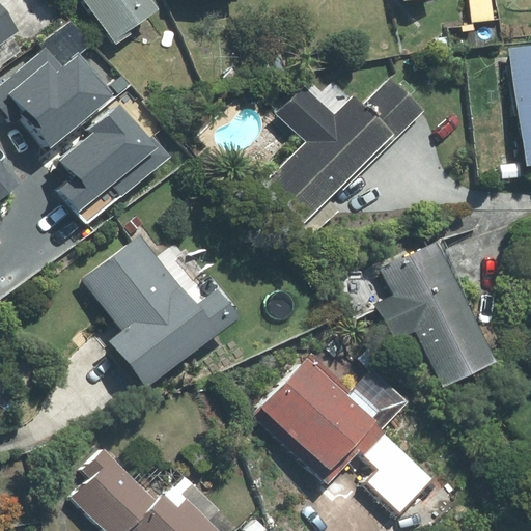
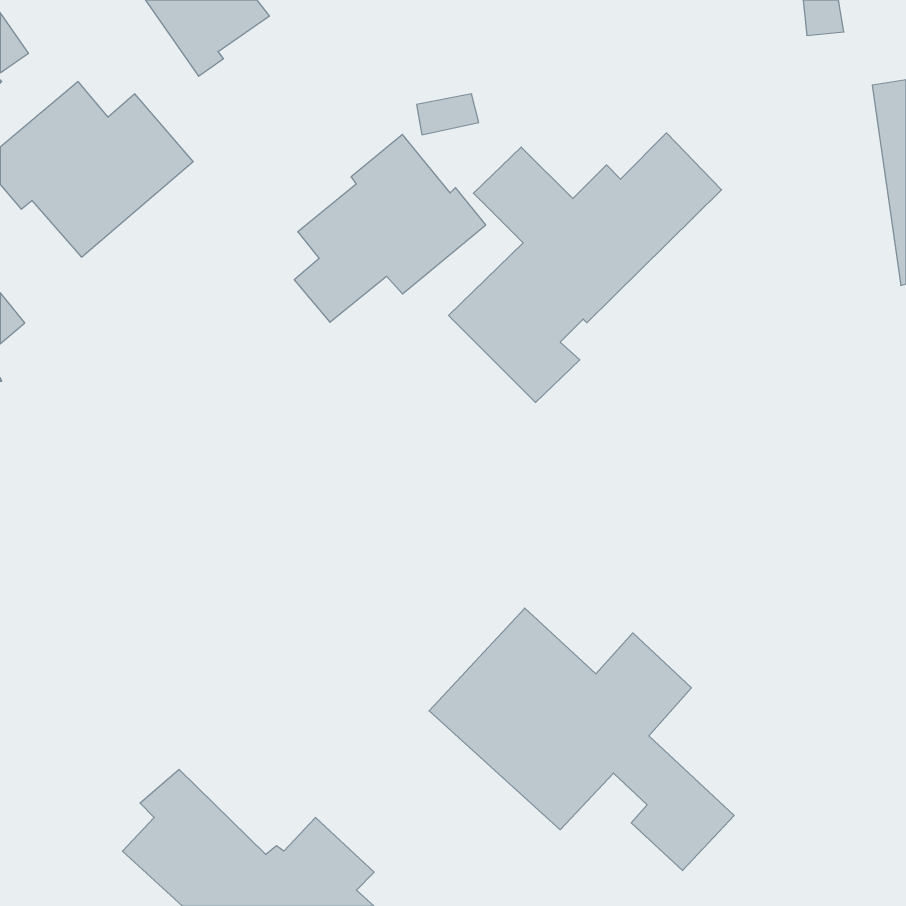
building: [58,104,170,214] -> [294,134,486,322]
building: [83,234,237,389] -> none
building: [379,246,493,384] -> none

